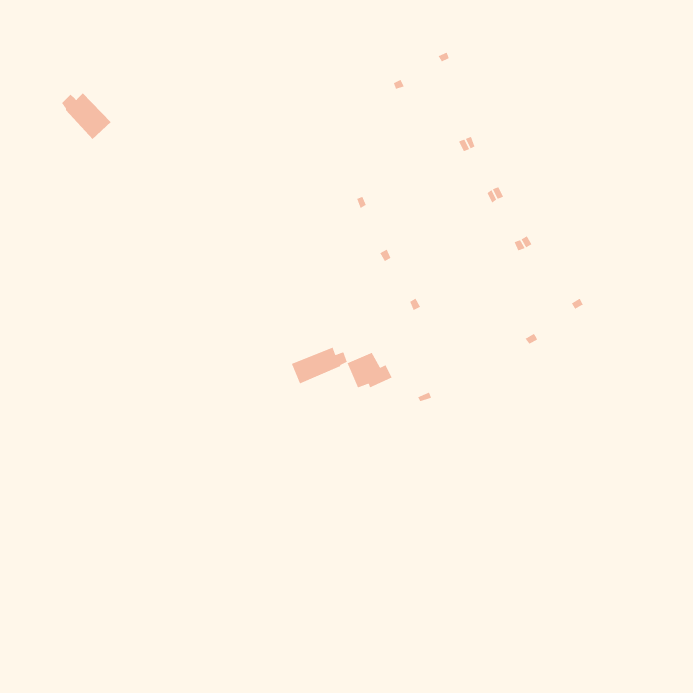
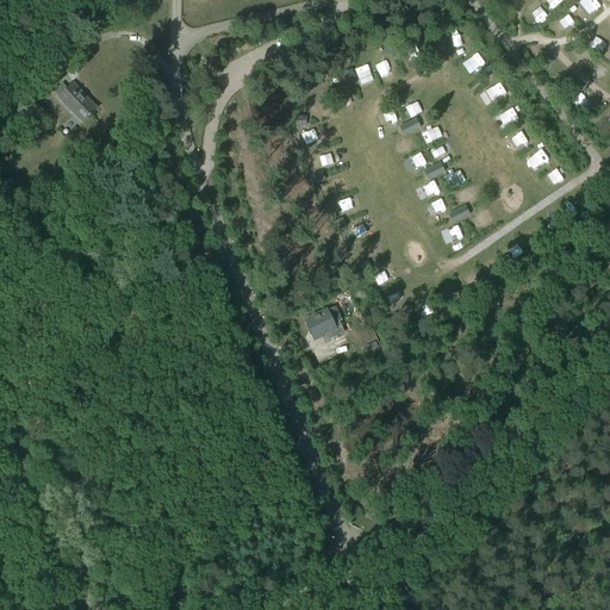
building: [291,346,348,384] -> none

